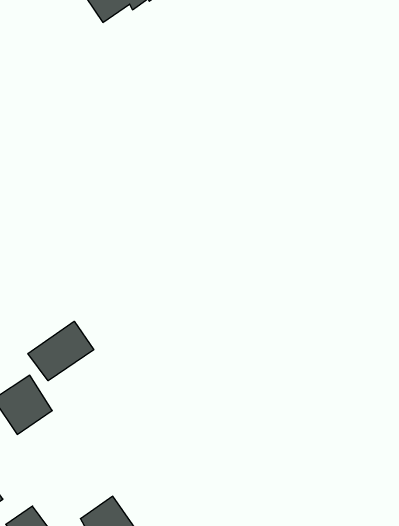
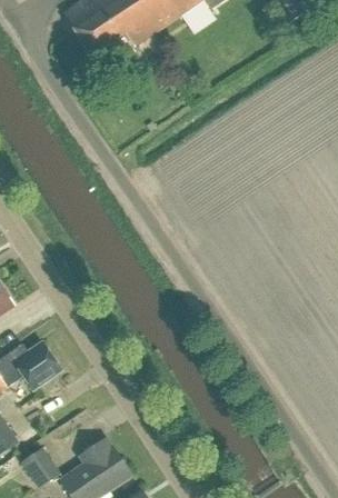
building: [28,321,94,381] -> none

